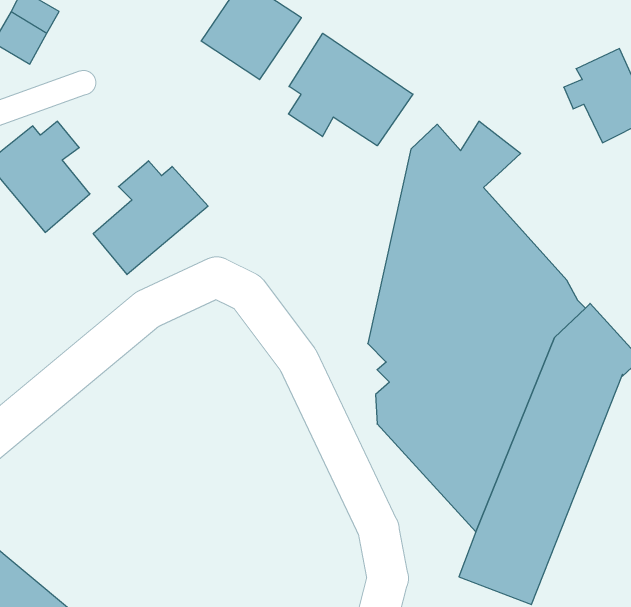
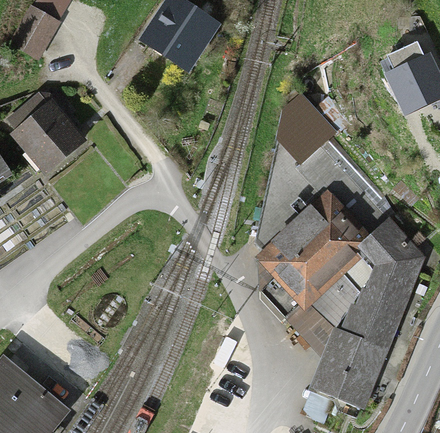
building: [288,33,413,146] -> none
building: [93,161,208,275] -> none

